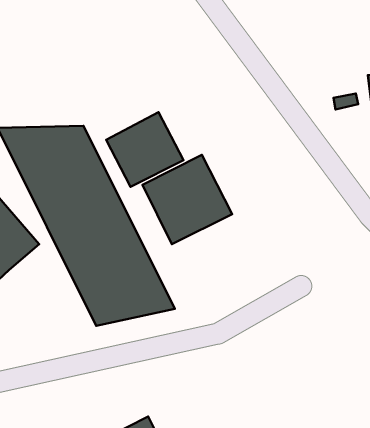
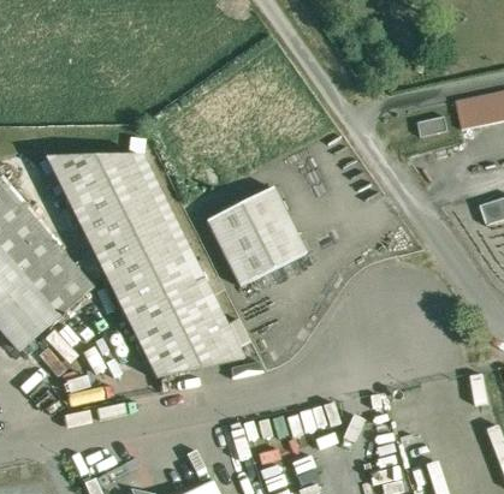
building: [106,112,183,187] -> none

